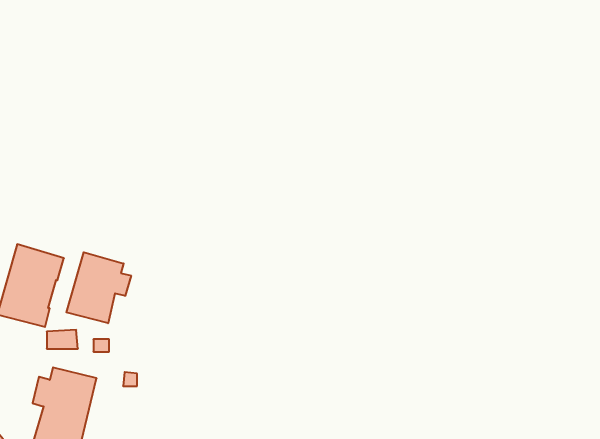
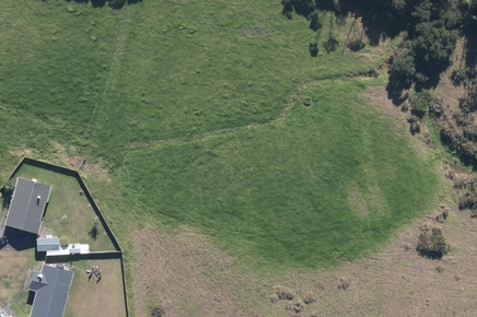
building: [66,252,131,323] -> none

